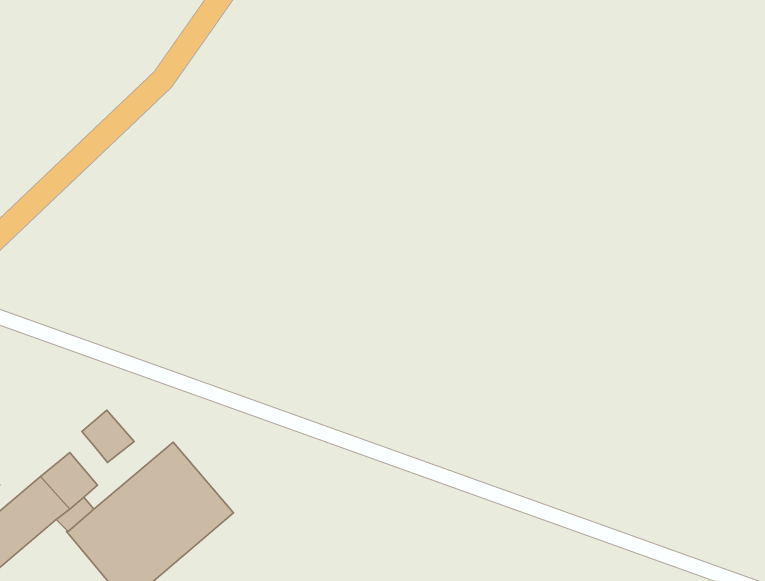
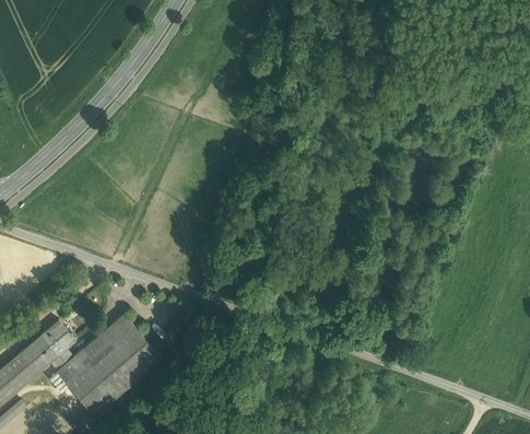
building: [82,410,134,462] -> none

